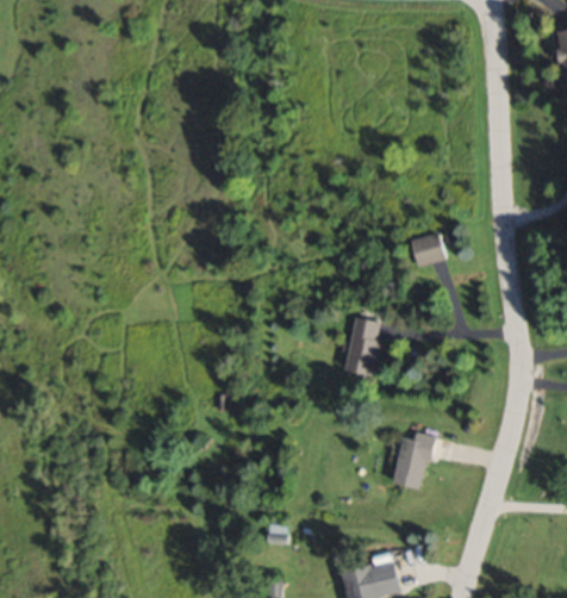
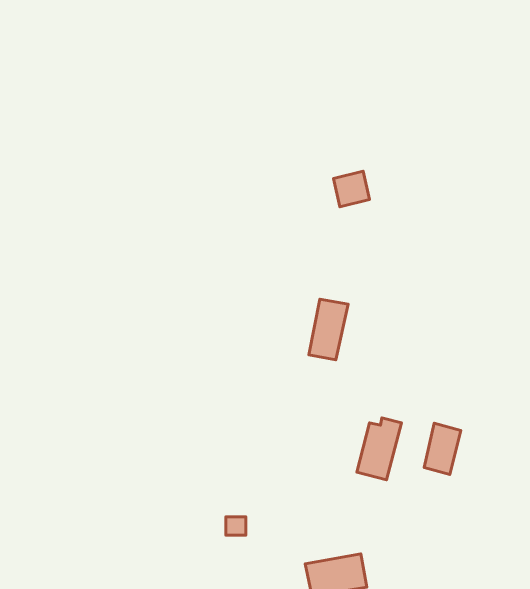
building: [409,231,443,266] -> [334,171,369,207]
building: none -> [424,423,461,474]

